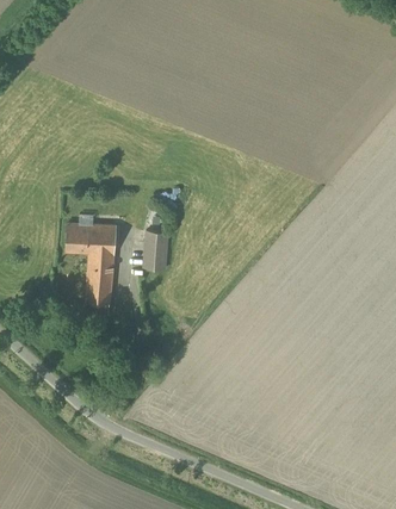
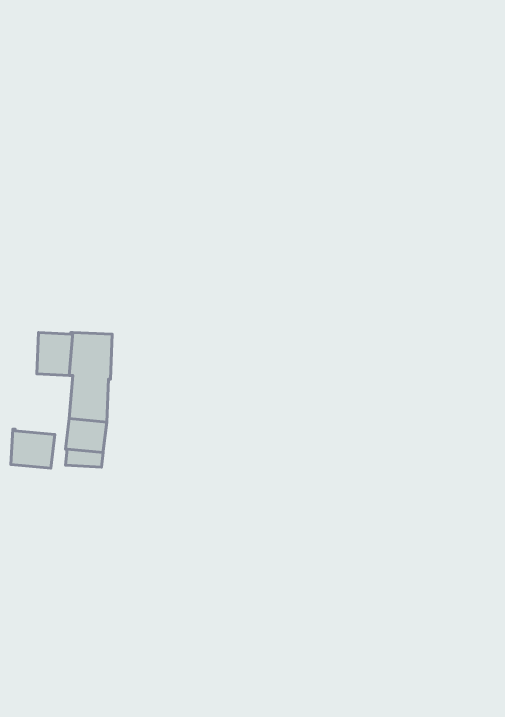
building: [143,230,168,268] -> none
building: none -> [11,429,55,468]

